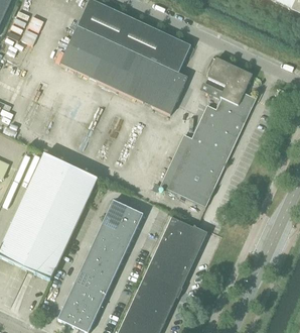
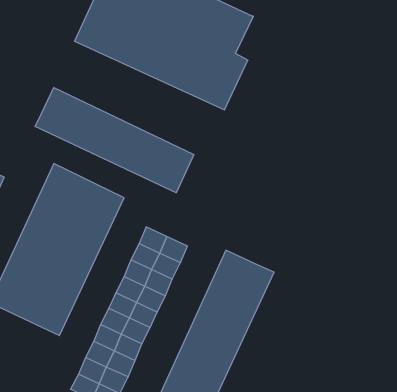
building: [161,57,256,206] -> none
building: none -> [35,88,194,193]

